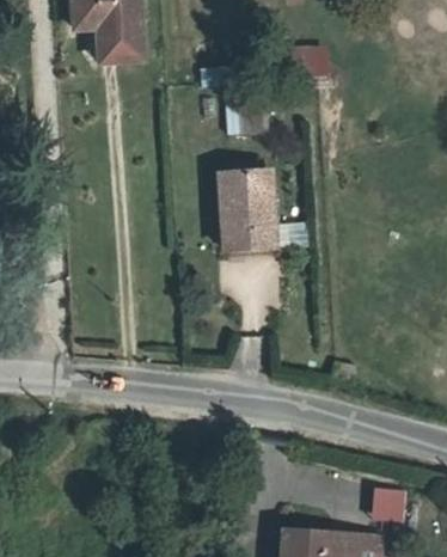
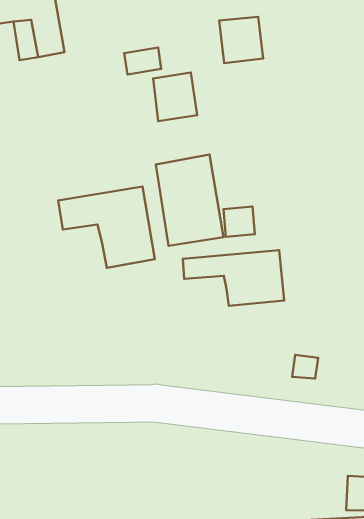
building: none -> [58,186,155,268]
building: none -> [183,250,284,306]

